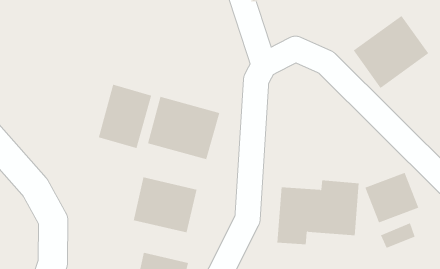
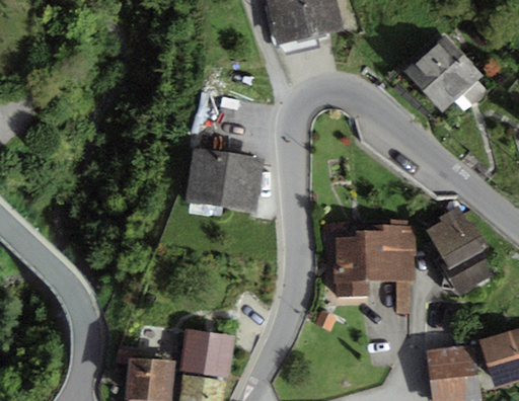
building: [98,84,152,149] -> none
building: [133,177,197,233] -> none

